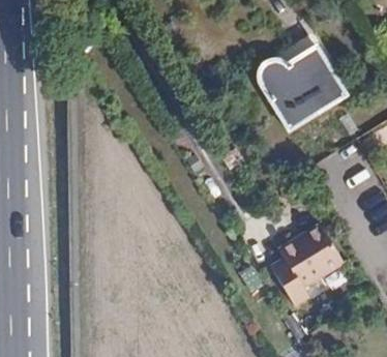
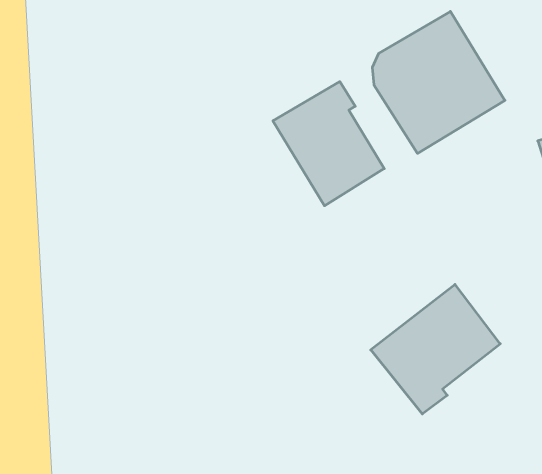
building: none -> [273,82,384,206]

